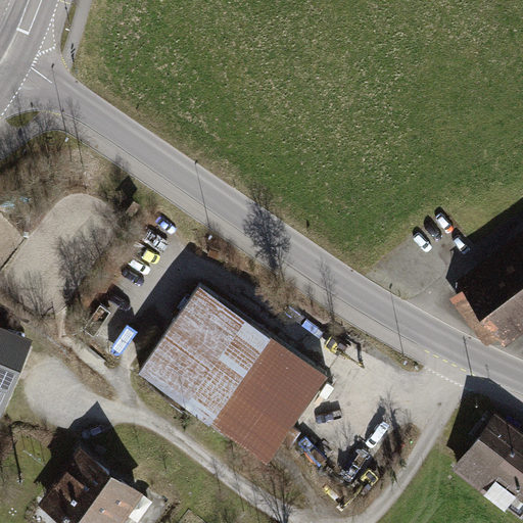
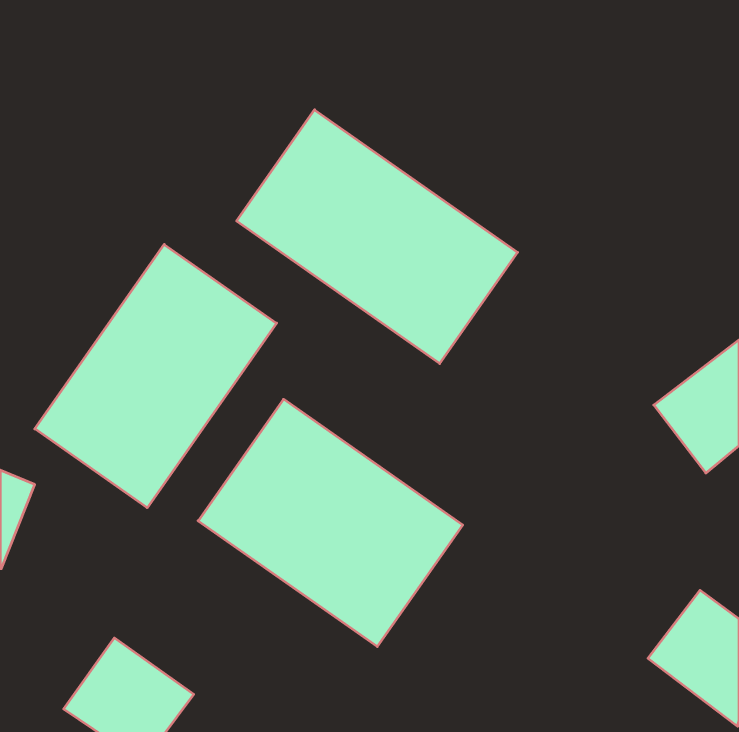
building: none -> [237,110,518,364]
building: none -> [35,244,277,508]

